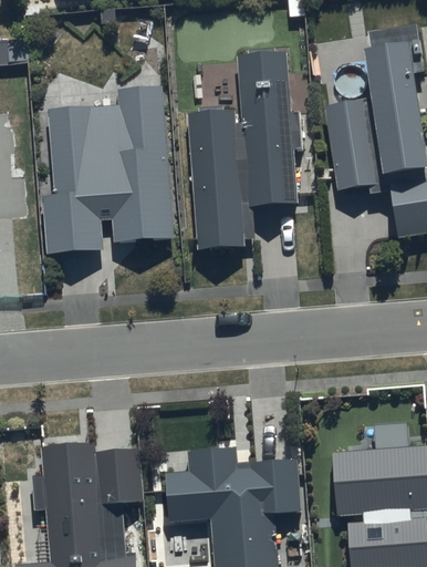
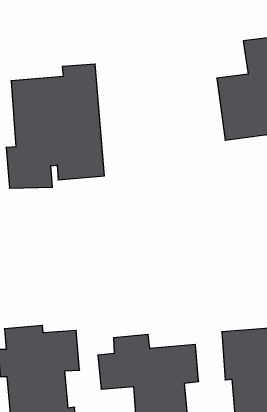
building: [186,55,301,252] -> none

